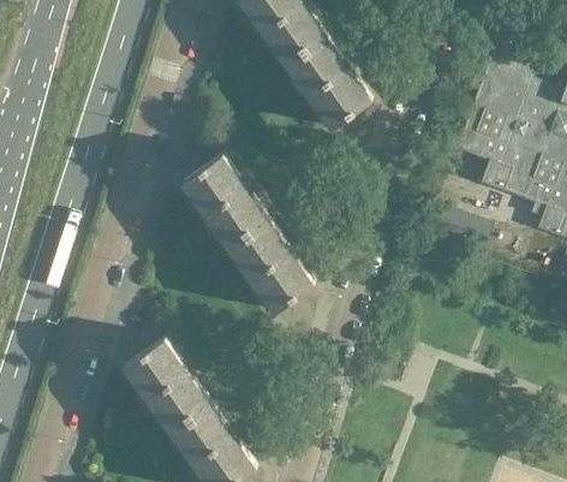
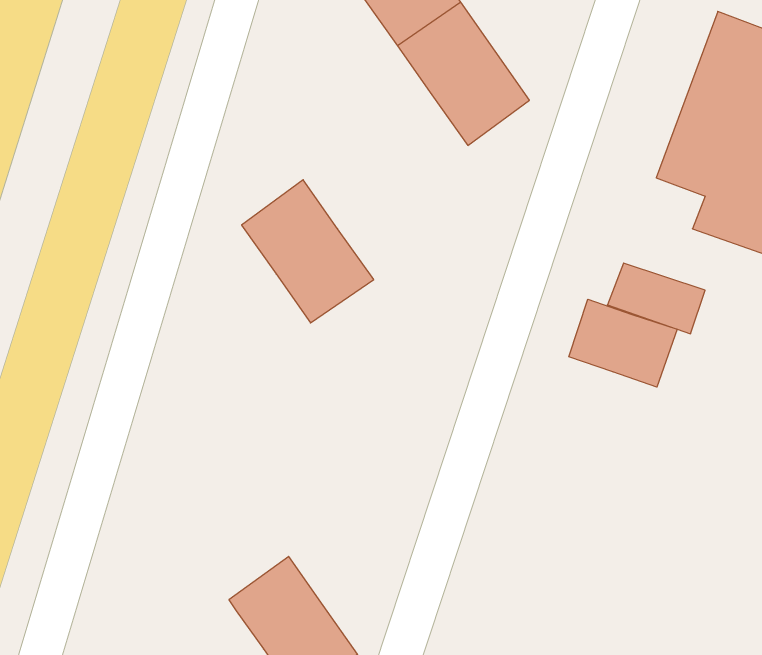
building: [226,220,314,315] -> none
building: none -> [569,299,677,387]
building: [124,339,211,433] -> none

